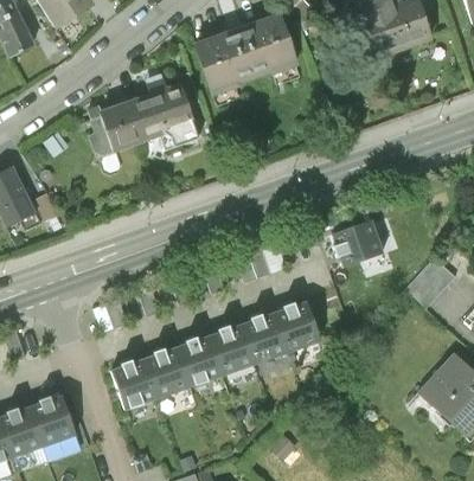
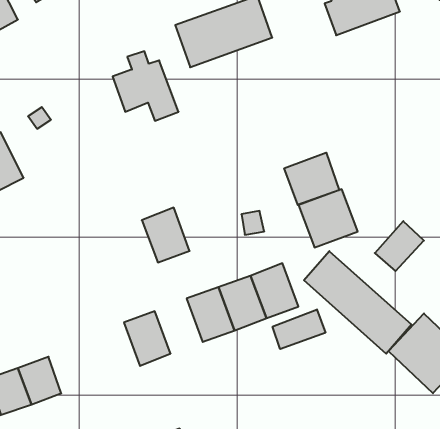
building: [88,102,145,154] -> none
building: none -> [284,153,339,205]
building: none -> [304,251,412,354]
building: [175,333,225,390] -> [142,208,190,262]
building: none -> [273,309,325,349]
building: [110,358,160,415] -> none

